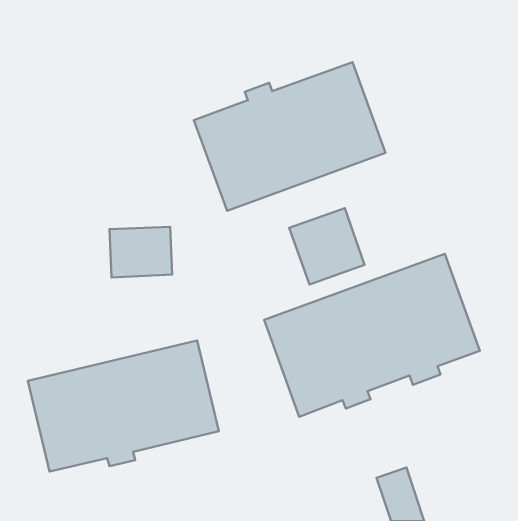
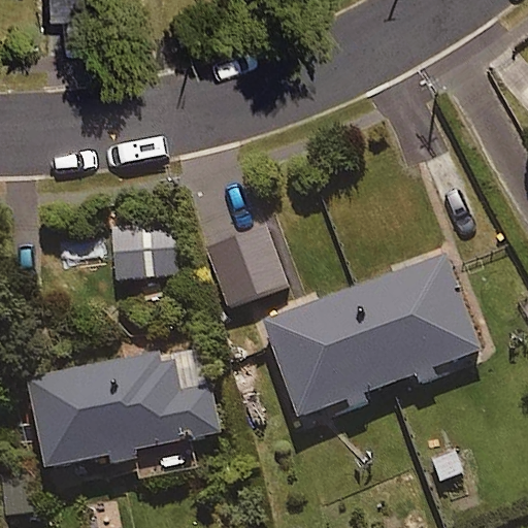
building: [194,62,385,211] -> none
building: [289,208,364,285] -> [204,228,279,304]

